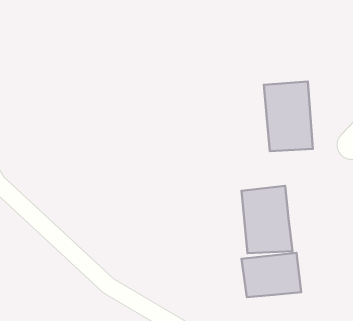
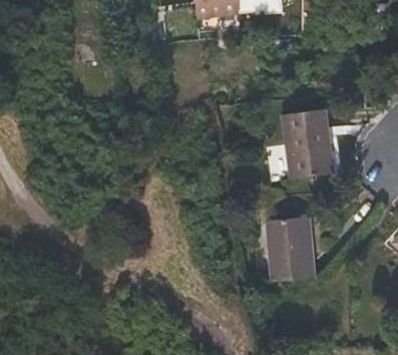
building: [242,253,301,297] -> none

